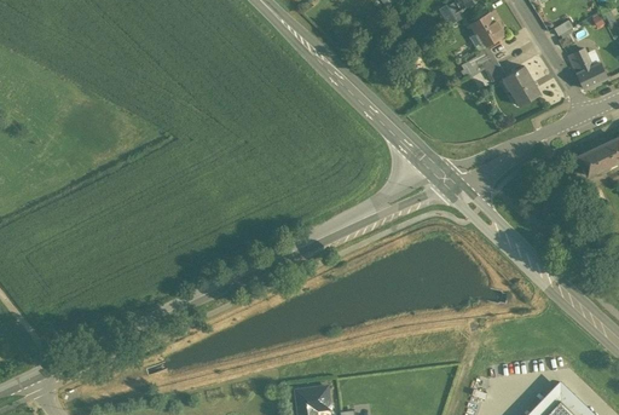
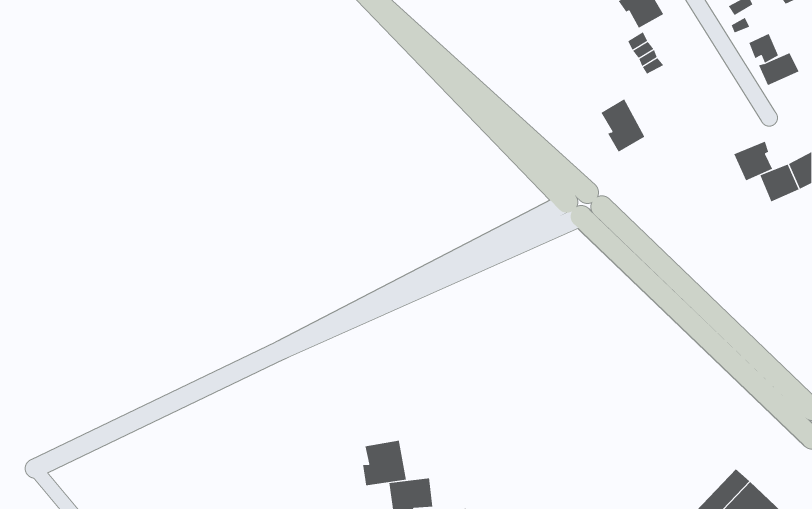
building: [505,65,539,106] -> [601,98,645,153]
building: none -> [734,141,773,181]
building: none -> [363,440,406,486]

